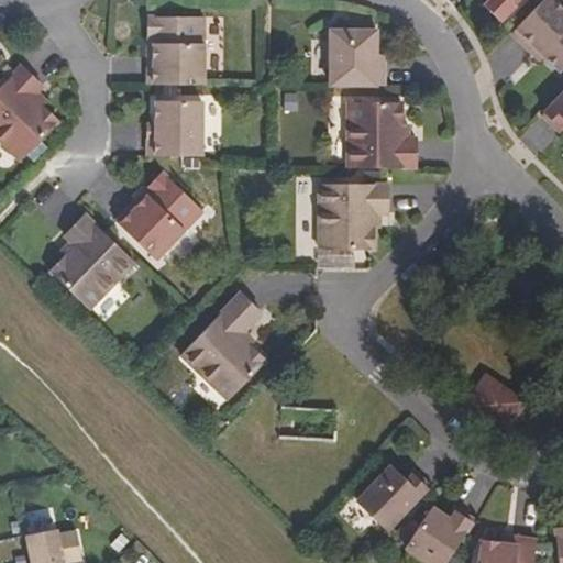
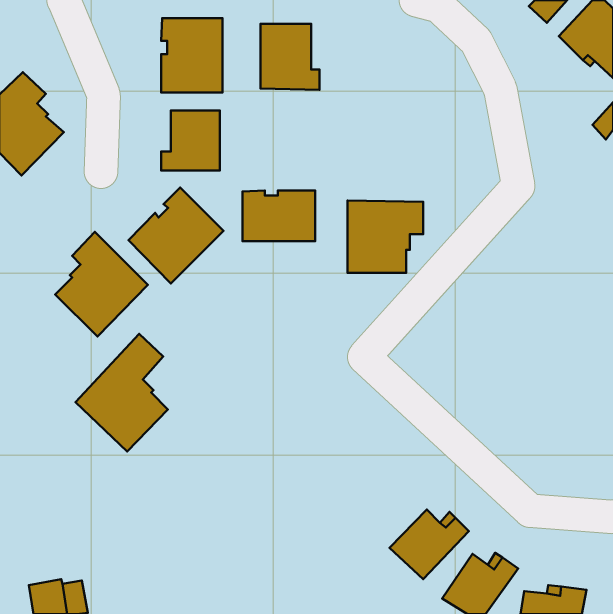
building: [330,25,384,86] -> [261,24,319,90]
building: [346,102,415,168] -> none
building: none -> [243,190,315,241]
building: [180,292,265,400] -> [75,334,168,451]
building: [465,374,527,433] -> none

